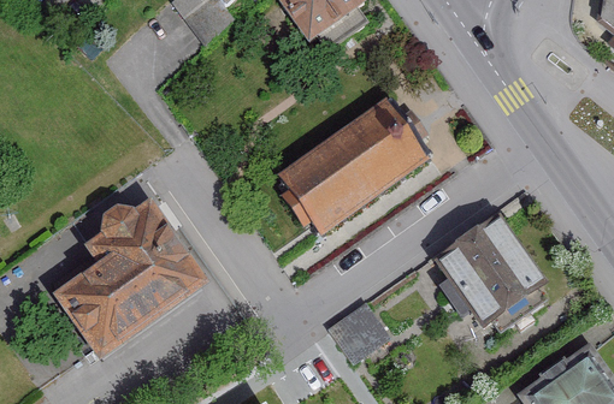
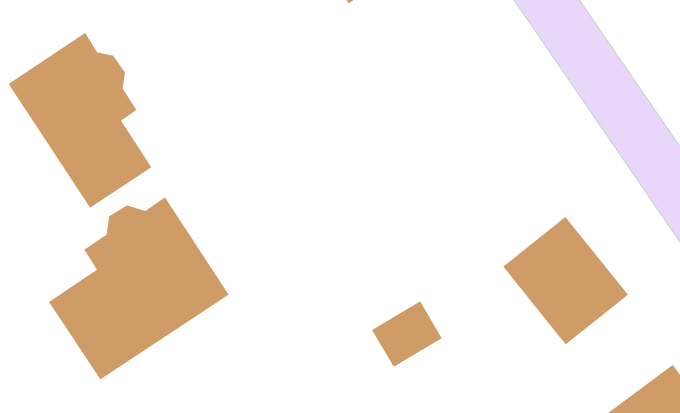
building: none -> [7,32,153,209]
building: [277,99,427,236] -> none

